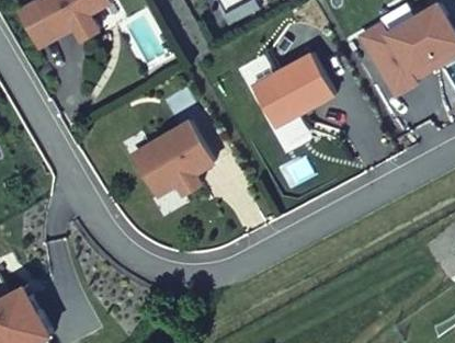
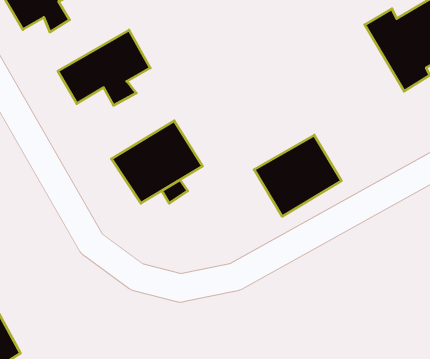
building: none -> [58,30,150,105]
building: [247,56,325,128] -> [254,135,341,216]

